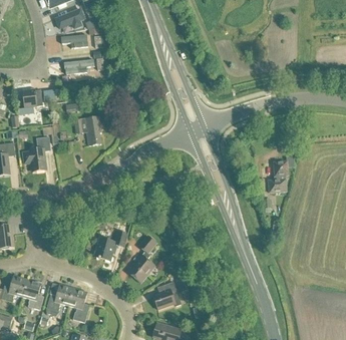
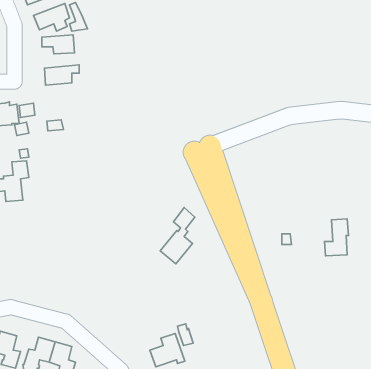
building: [75,116,101,145] -> none
building: [267,160,287,192] -> [324,219,348,256]
building: [93,231,126,261] -> none
building: [126,235,155,282] -> [160,208,195,264]

